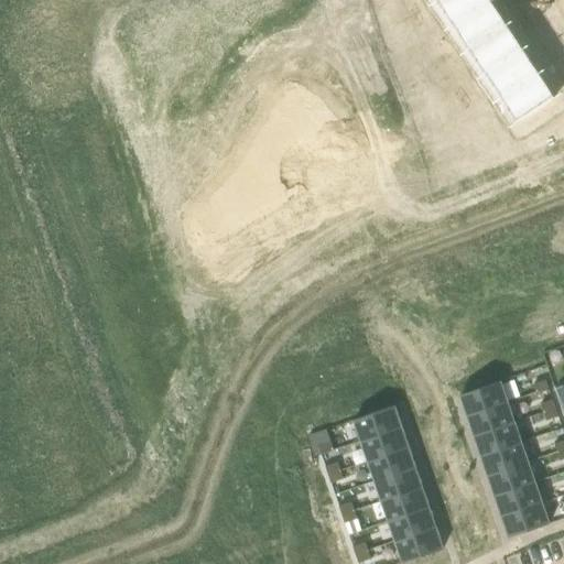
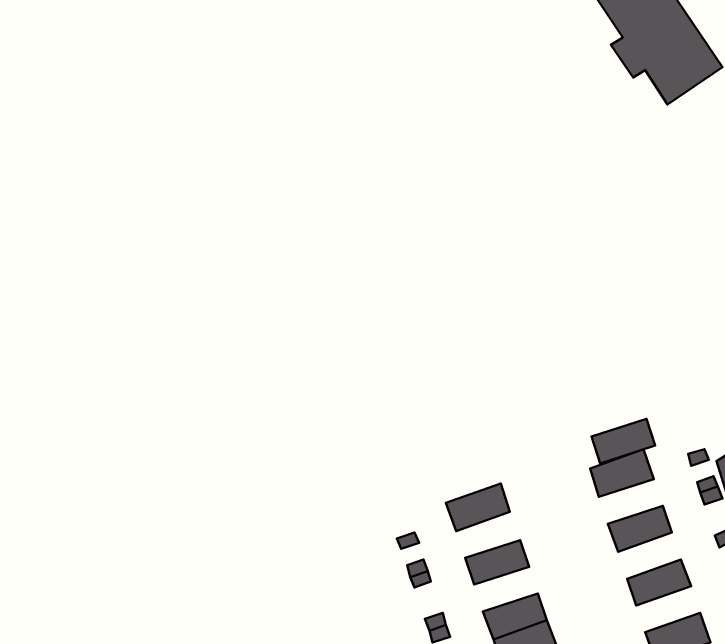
building: [467,402,514,435] -> [591,419,655,463]
building: [361,426,409,460] -> none
building: [481,442,528,476] -> none
building: [375,467,422,500] -> none
building: [495,481,542,516] -> none

